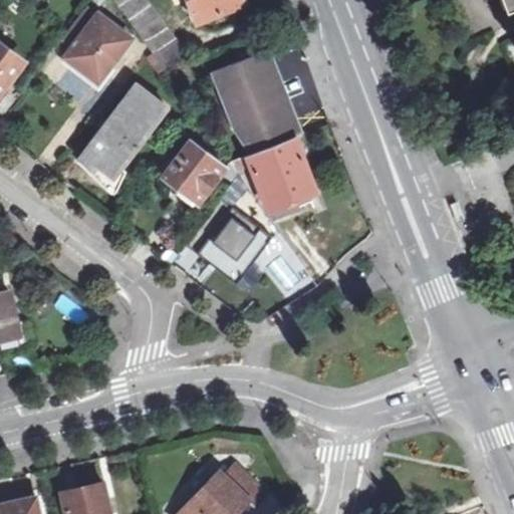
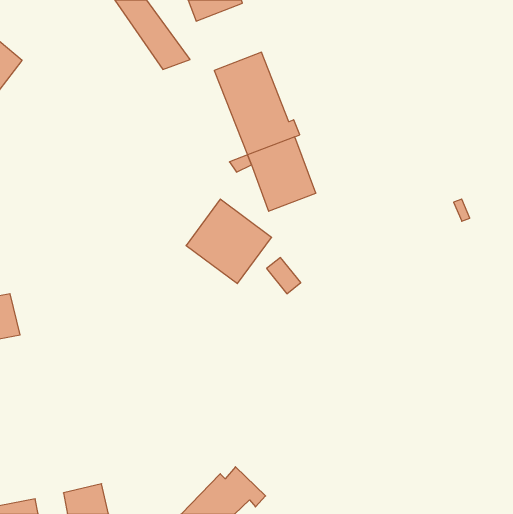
building: [67,14,133,81] -> none
building: [78,86,167,177] -> none
building: [165,141,226,205] -> none

